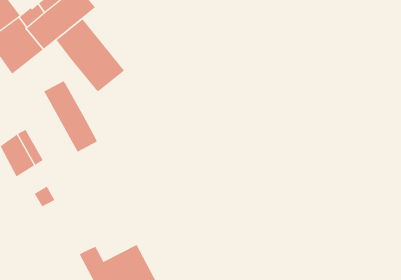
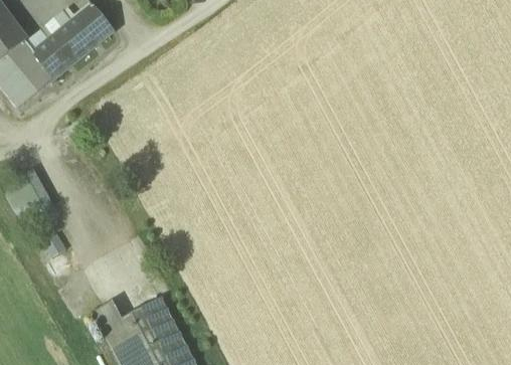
building: [56,18,125,92] -> none
building: [44,80,98,153] -> none

